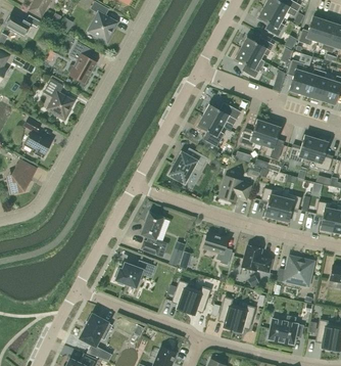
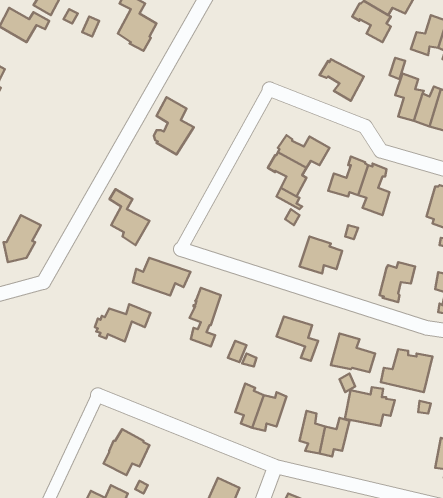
building: [242,36,275,59] -> none
building: [68,42,97,83] -> [154,97,194,154]
building: [44,79,76,121] -> none
building: [25,119,53,158] -> [110,189,150,245]
building: [289,135,316,164] -> none
building: [170,148,208,183] -> none
building: [261,188,282,219] -> none
building: none -> [133,258,190,295]
building: [115,261,155,287] -> [95,304,151,341]
building: [269,317,304,345] -> [345,387,395,426]

